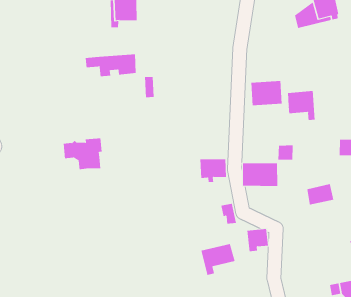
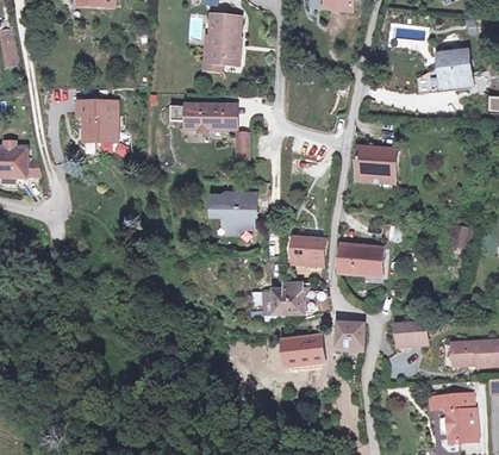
building: none -> [76,100,116,139]
building: [288,90,315,121] -> none
building: [63,138,103,170] -> [212,191,257,226]
building: [306,184,334,205] -> [395,326,426,349]
building: none -> [260,282,298,312]

